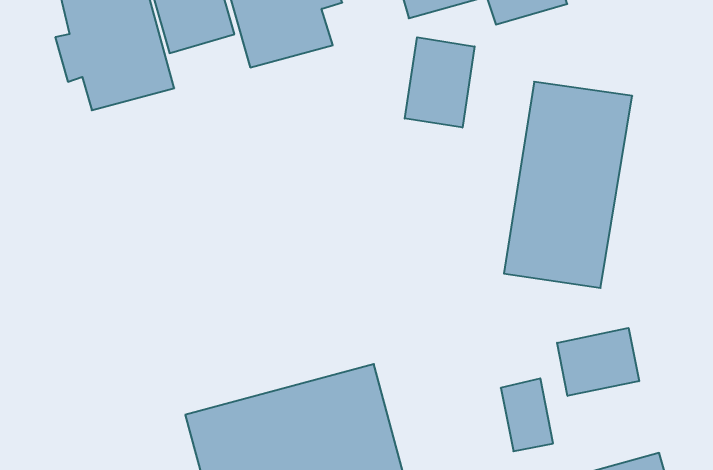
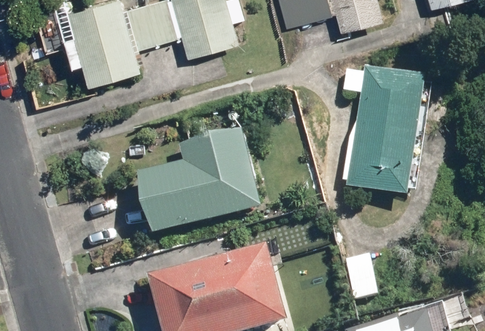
building: [405,37,475,128] -> none
building: none -> [136,130,259,236]
building: [557,328,639,396] -> none

